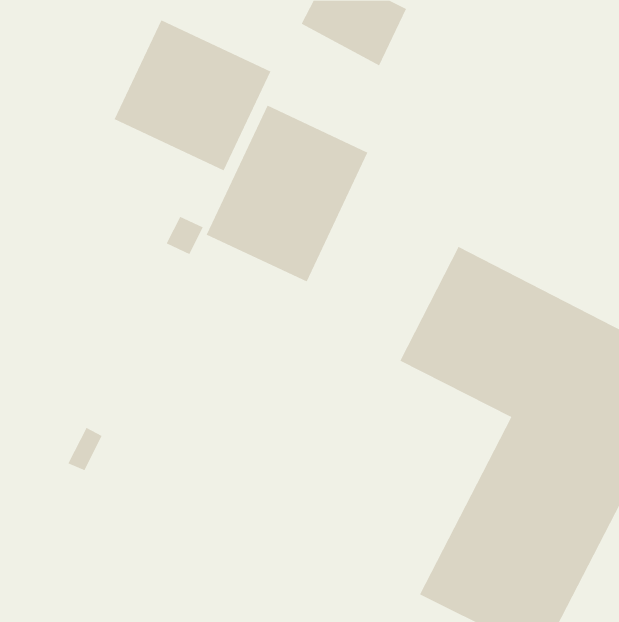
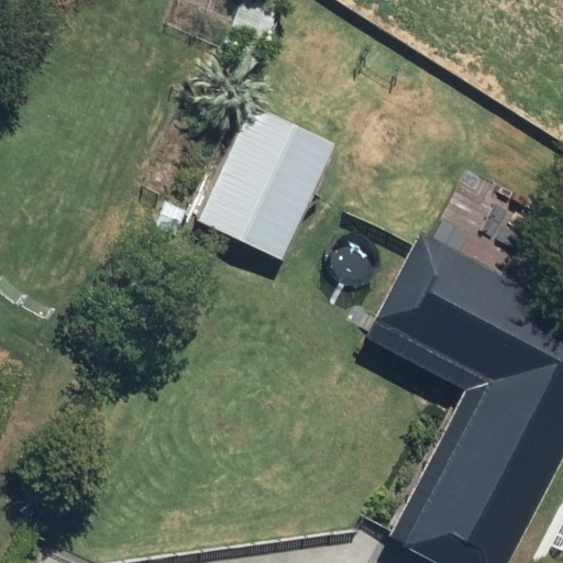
building: [114,19,271,171] -> none

